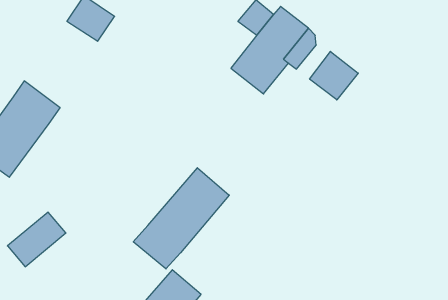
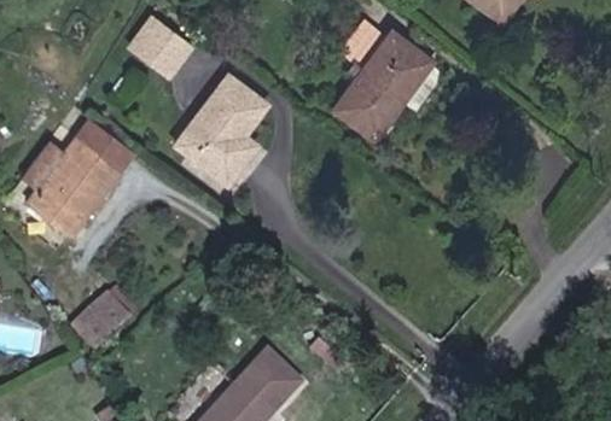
building: none -> [173,72,270,183]
building: [310,51,358,100] -> none
building: [133,168,229,269] -> none

